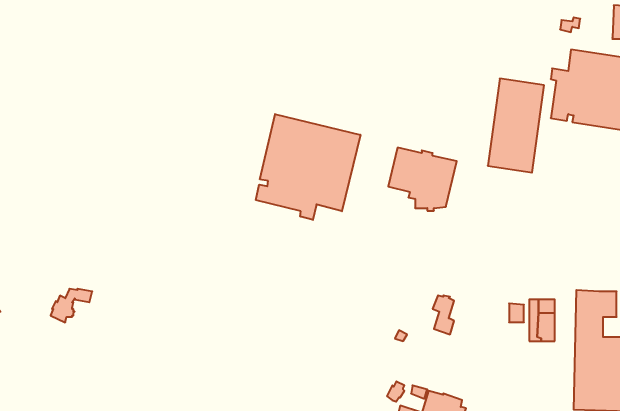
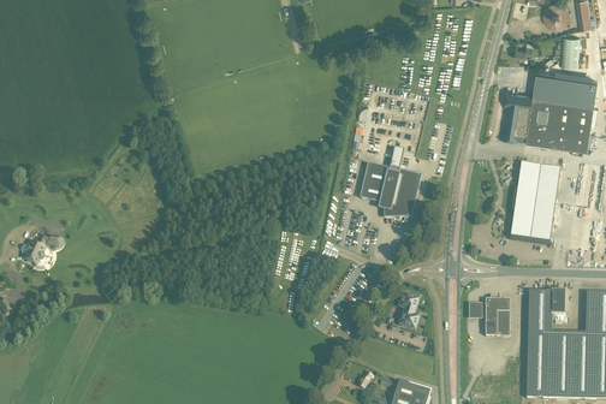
building: [488,79,544,173] -> [510,160,560,244]
building: [256,114,360,220] -> none
building: [51,289,92,322] -> [24,233,61,263]

